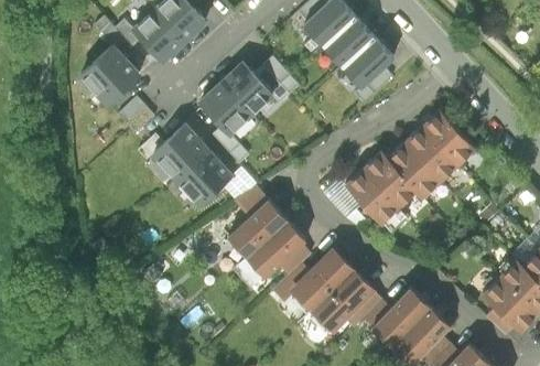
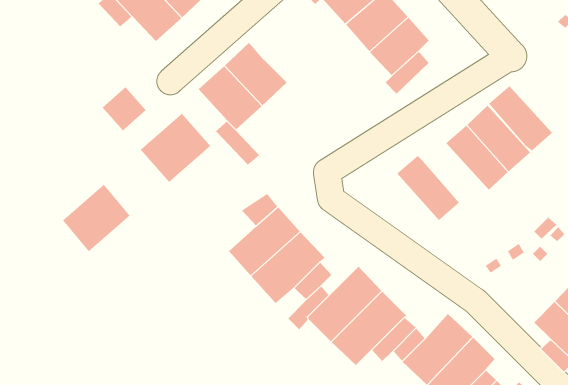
building: [76,39,139,104] -> none
building: [253,56,299,101] -> none
building: [388,144,442,200] -> [488,85,553,151]
building: [174,147,231,204] -> [62,184,131,252]
building: [346,170,400,226] -> none

